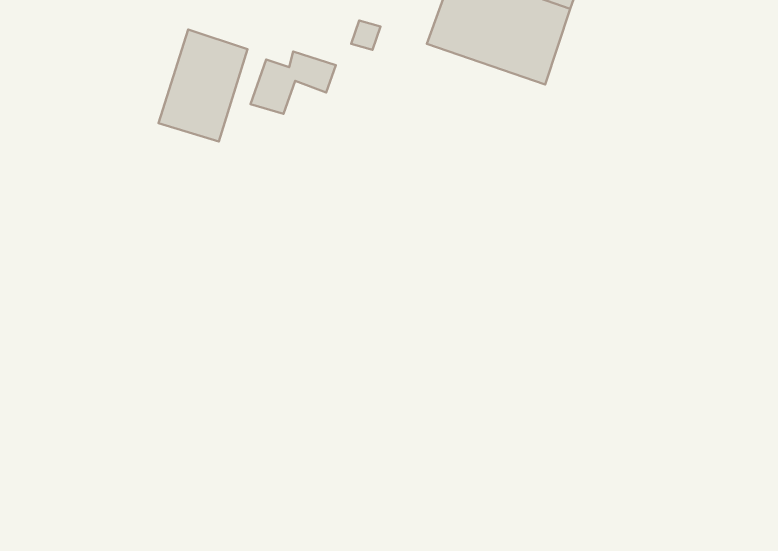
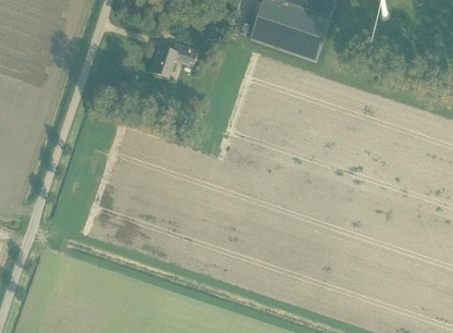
building: [158,29,248,142] -> none

